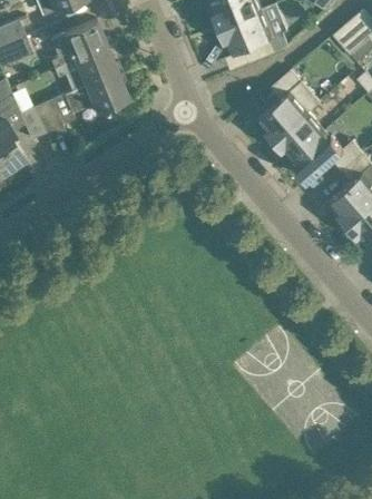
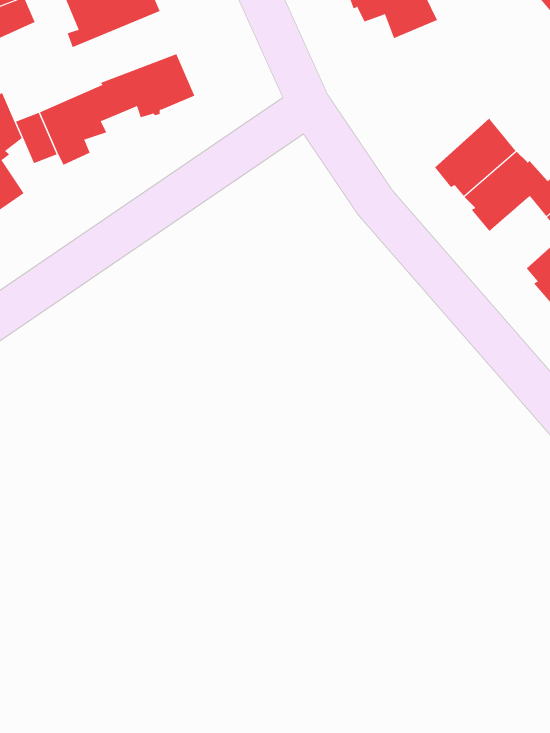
building: [55,48,118,91] -> none
building: [255,71,321,143] -> none

